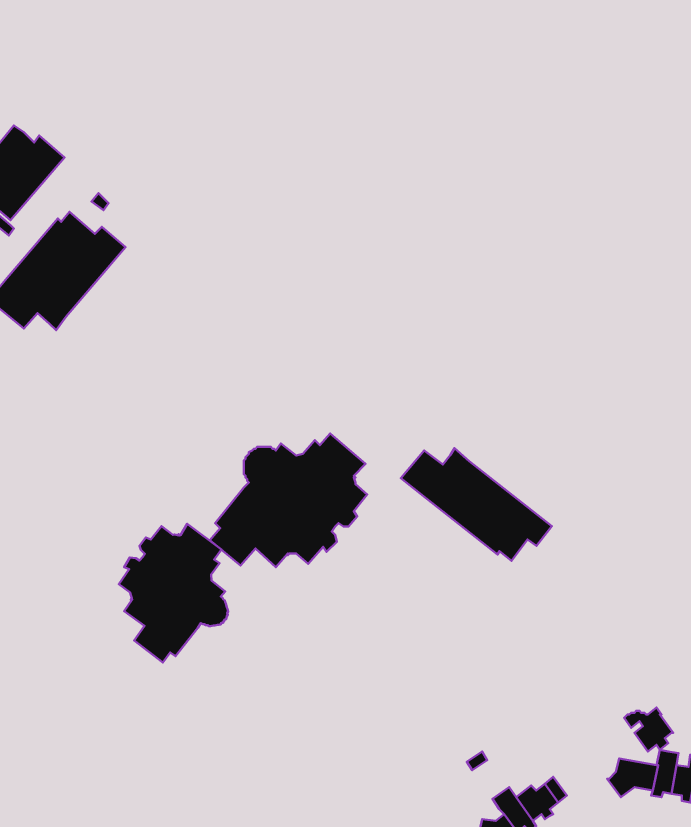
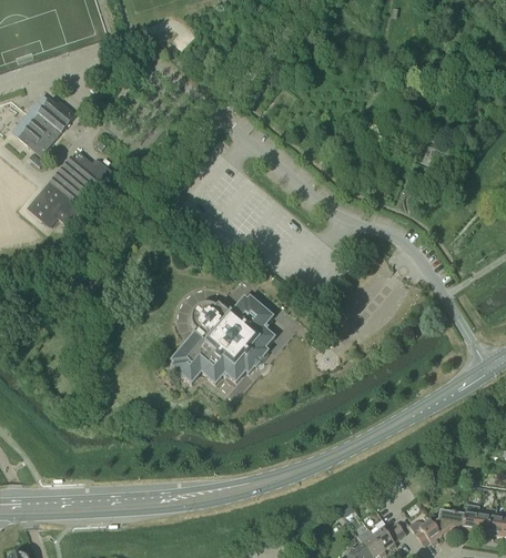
building: [401,448,552,561] -> none
building: [119,524,228,663] -> none
building: [624,708,673,752] -> [408,517,441,546]

